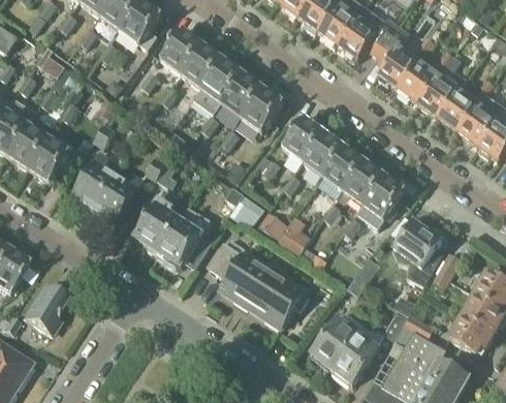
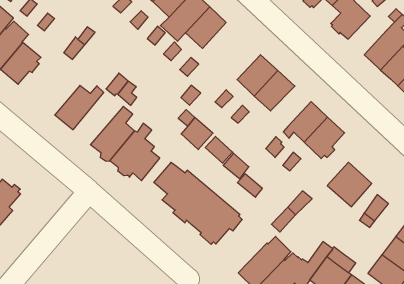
building: [396,60,436,102] -> none
building: [241,87,283,132] -> none
building: [322,146,365,190] -> none
building: [70,152,114,210] -> none

